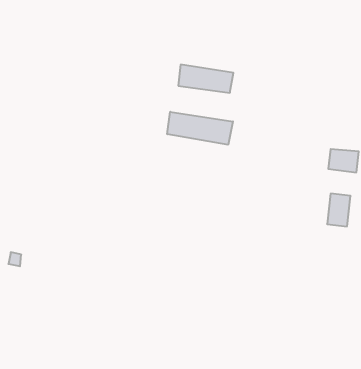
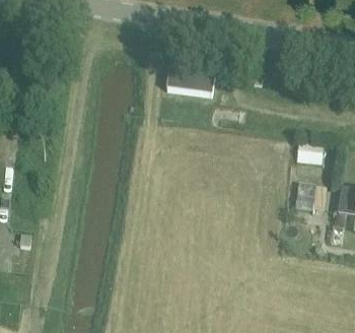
building: [167,112,233,145] -> none

